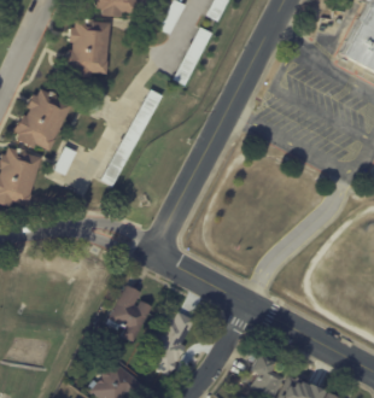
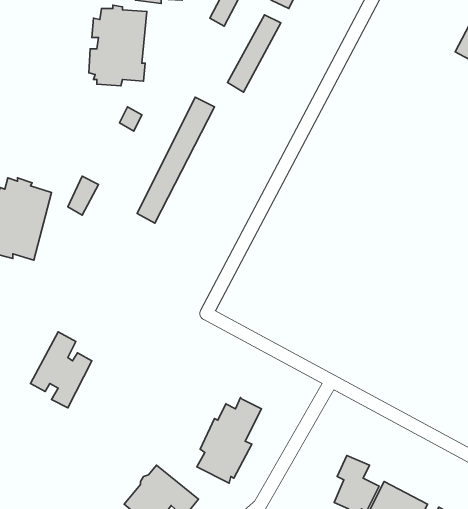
building: [13,89,71,152] -> none
building: [109,286,154,343] -> [31,332,92,408]

